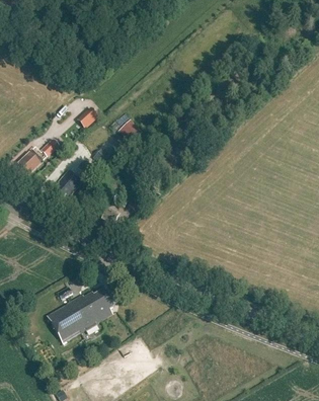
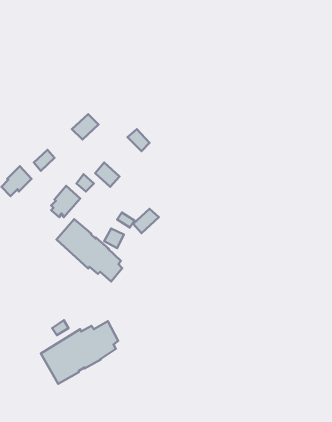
building: none -> [57,219,122,282]

